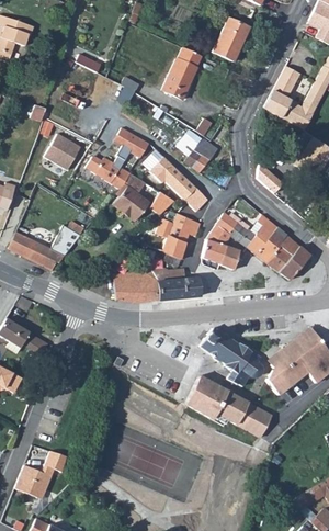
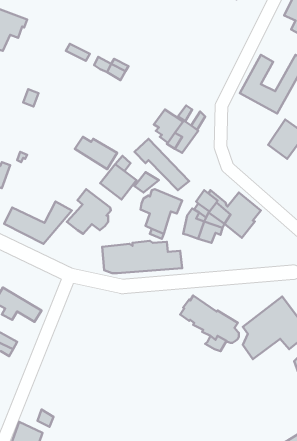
building: [212,16,250,61] -> none
building: [160,46,201,99] -> none
building: [109,121,149,158] -> none
building: [46,134,81,170] -> none
building: none -> [67,189,111,234]
building: [265,234,310,281] -> none
building: [184,376,272,438] -> none

